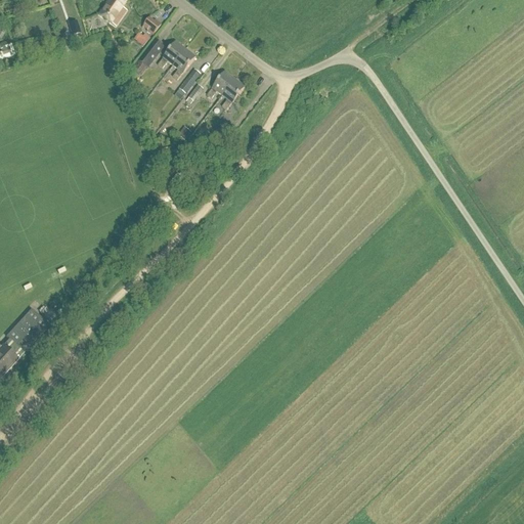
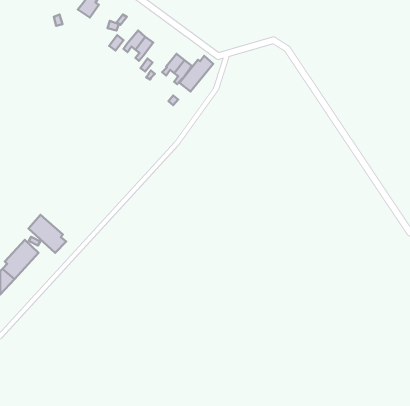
building: none -> [179,56,213,92]
building: none -> [29,215,66,253]

